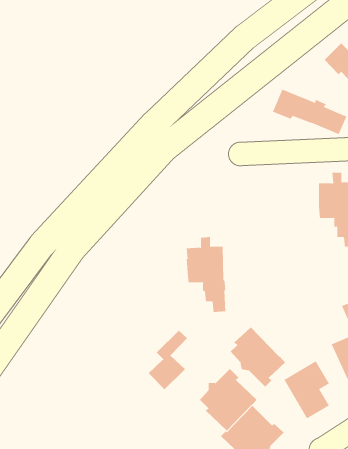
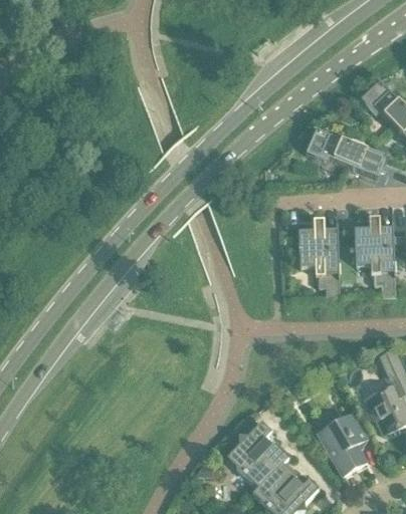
building: [186,237,226,312] -> [297,218,340,297]
building: [230,327,286,387] -> none
building: [148,330,188,390] -> none

